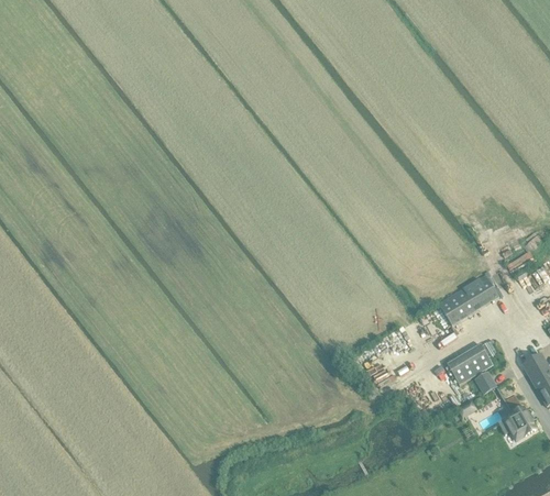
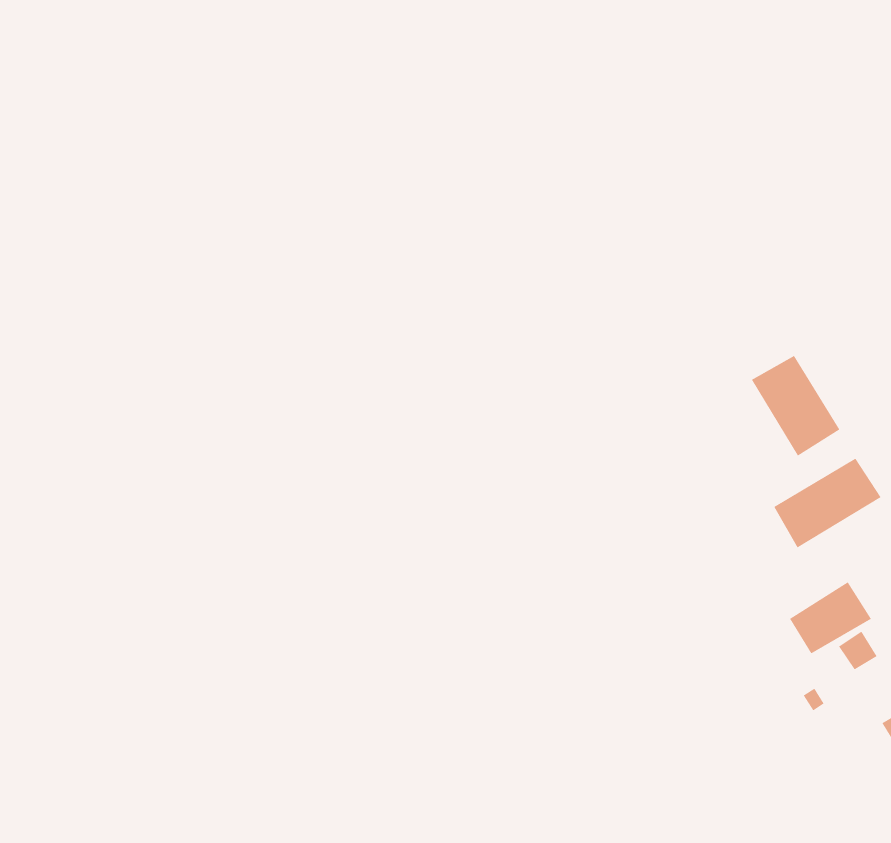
building: none -> [751,355,840,457]

